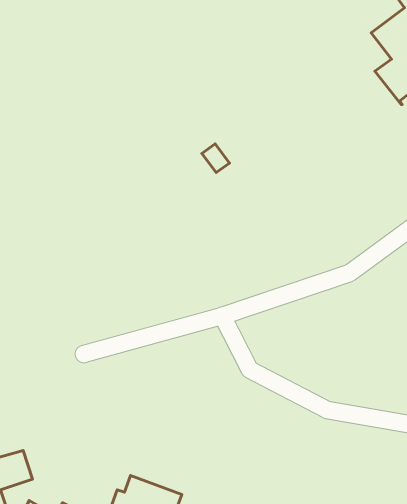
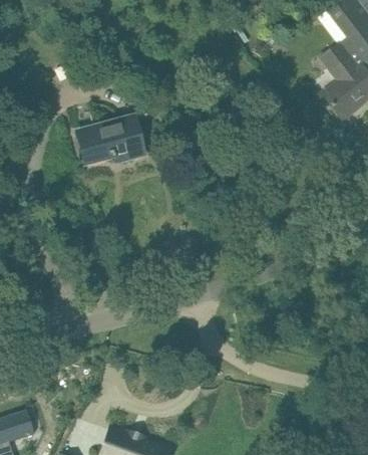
building: none -> [77,117,142,163]

